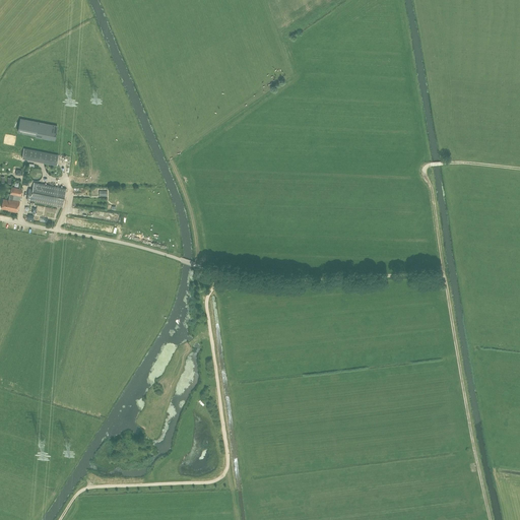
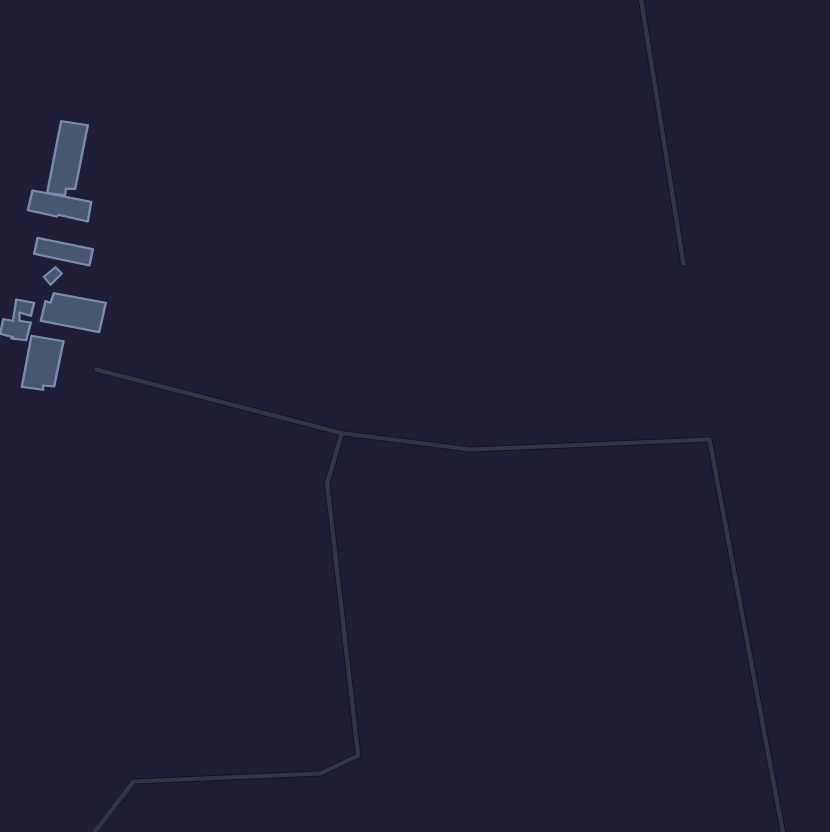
building: none -> [47,121,88,195]
building: none -> [22,336,63,390]

